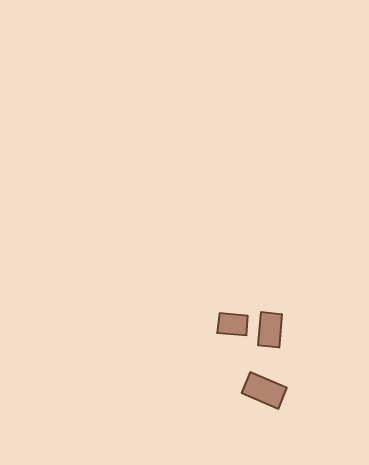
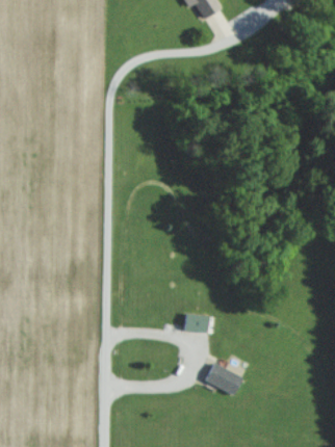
building: [258,312,282,348] -> none

